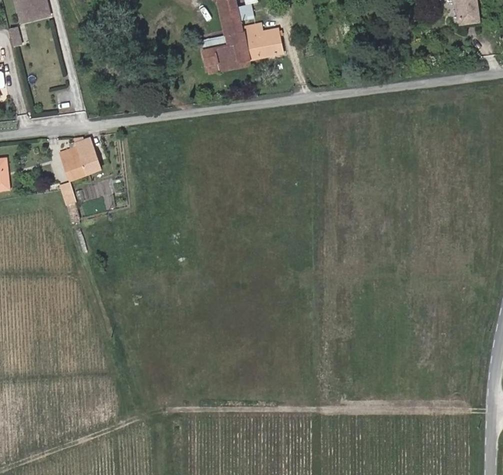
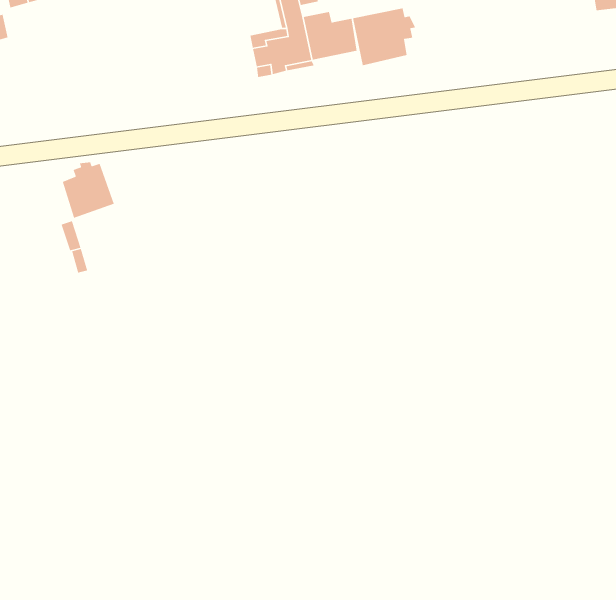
building: none -> [352,7,416,66]

